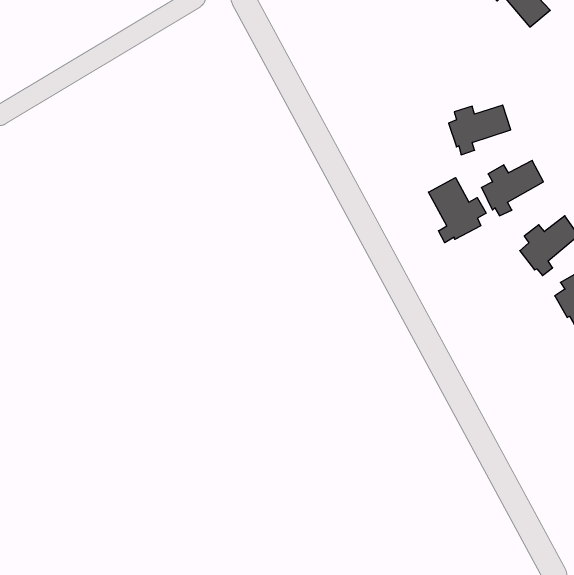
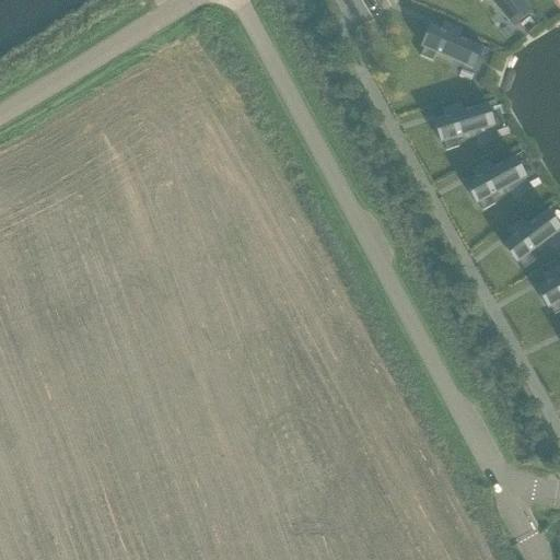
building: none -> [424,21,486,68]
building: [428,178,486,243] -> none

